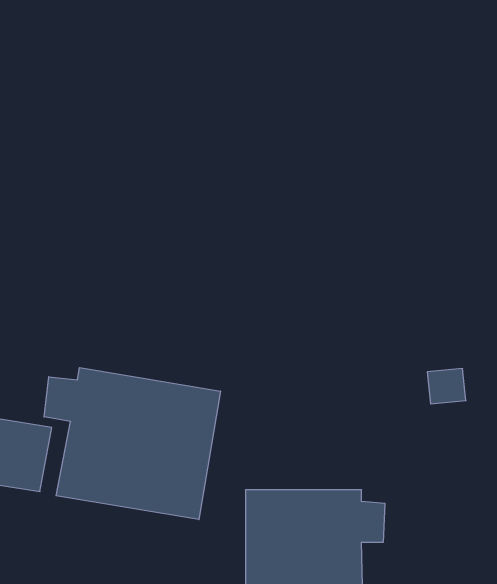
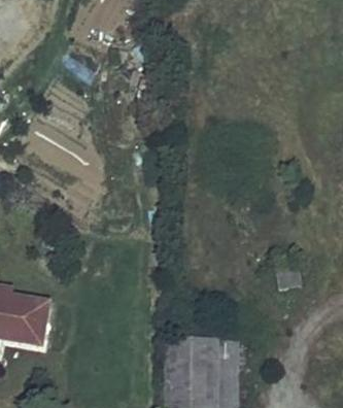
building: [44,368,220,520] -> none

